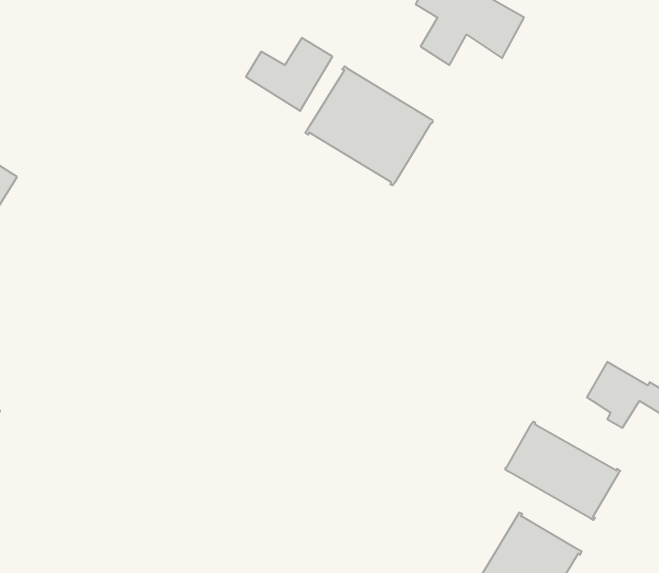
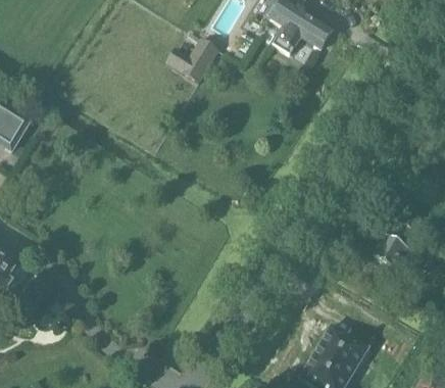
building: [305,66,433,185] -> none
building: [505,422,620,520] -> none

